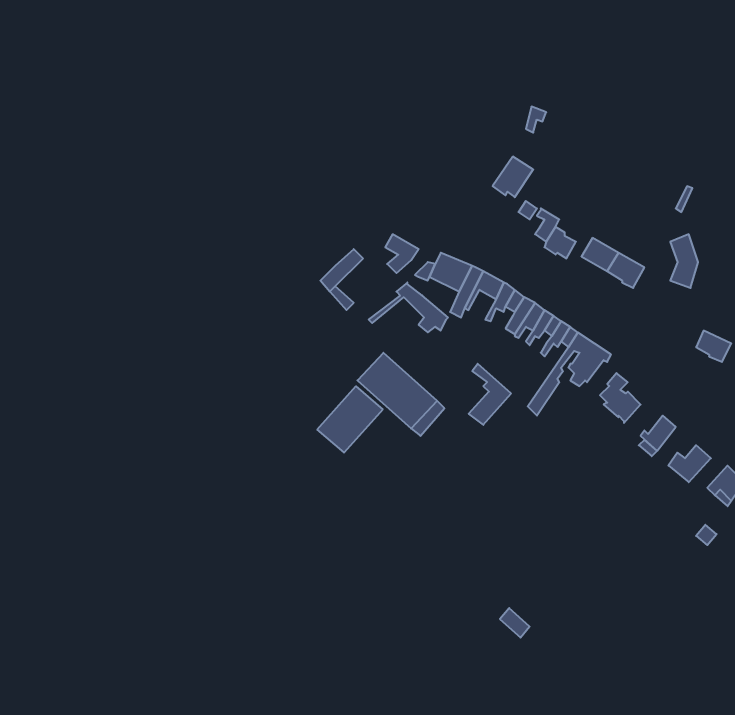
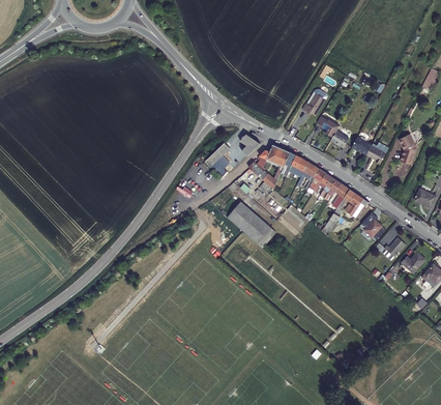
building: [317,386,383,453] -> none

